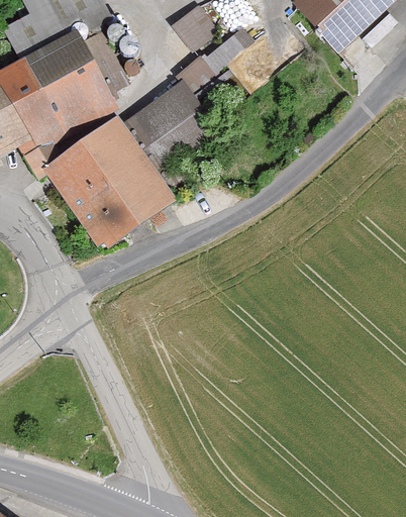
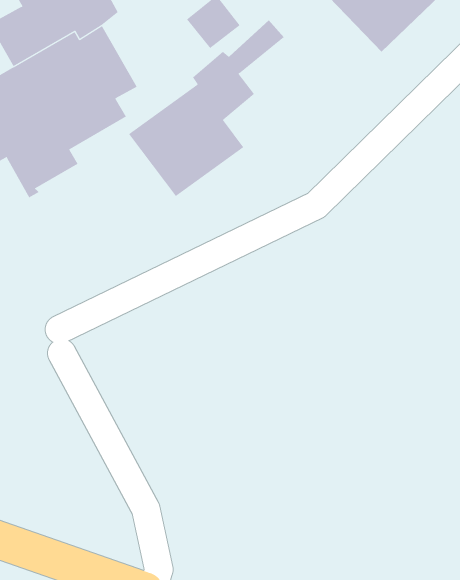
building: [41,114,175,248] -> none

